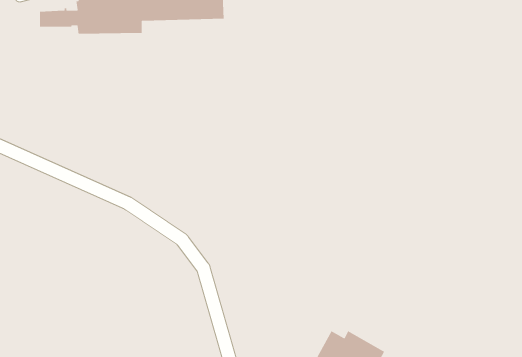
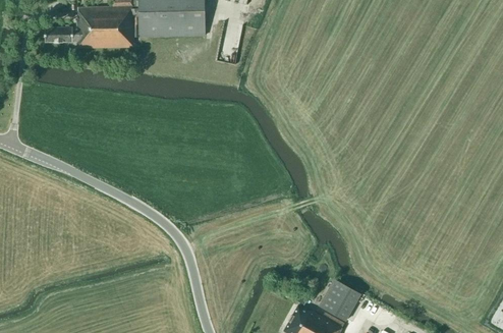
building: none -> [319,278,360,321]

